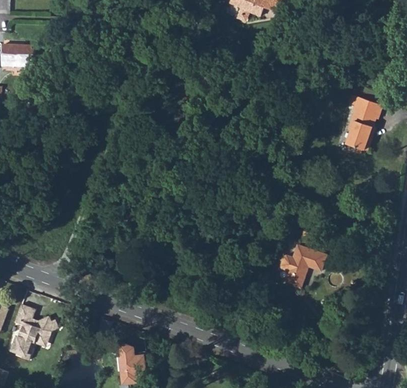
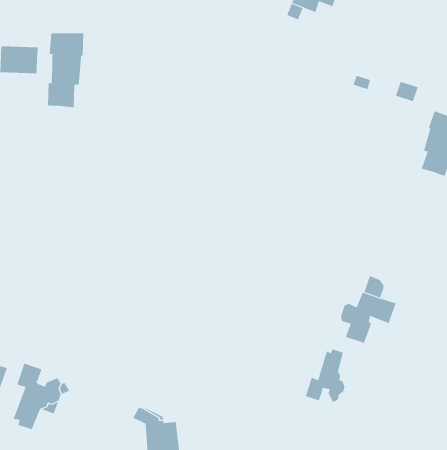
building: none -> [47,33,84,108]
building: none -> [305,348,345,403]

